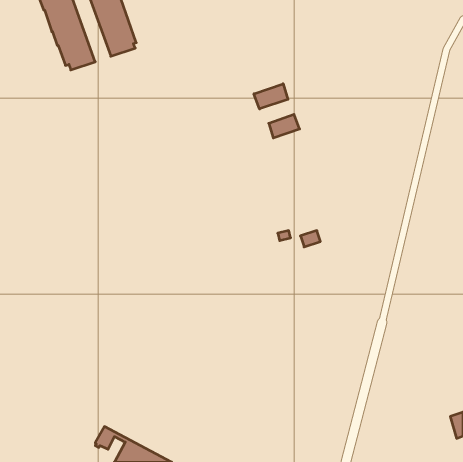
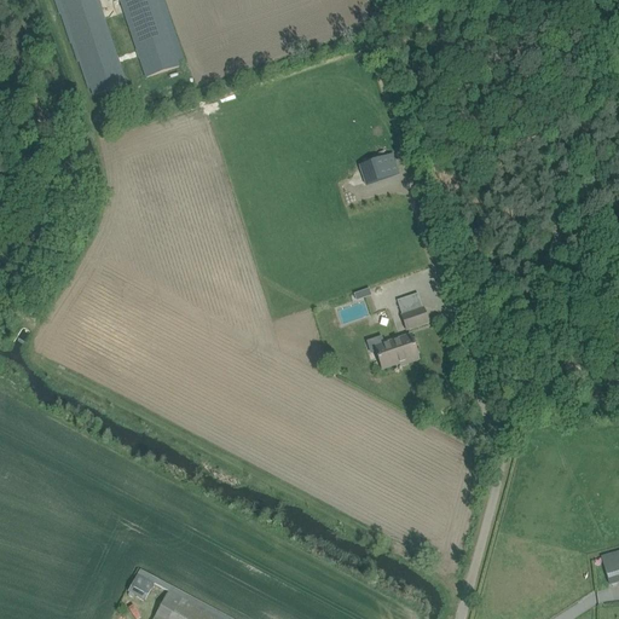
building: [254,84,288,109] -> none
building: none -> [372,332,418,368]

